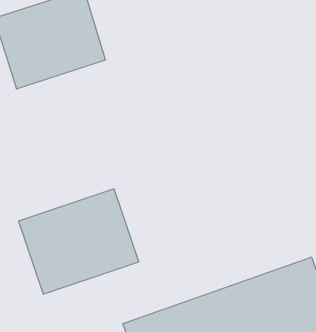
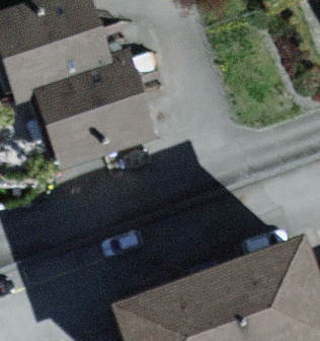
building: [19,189,139,294] -> [38,62,152,161]

